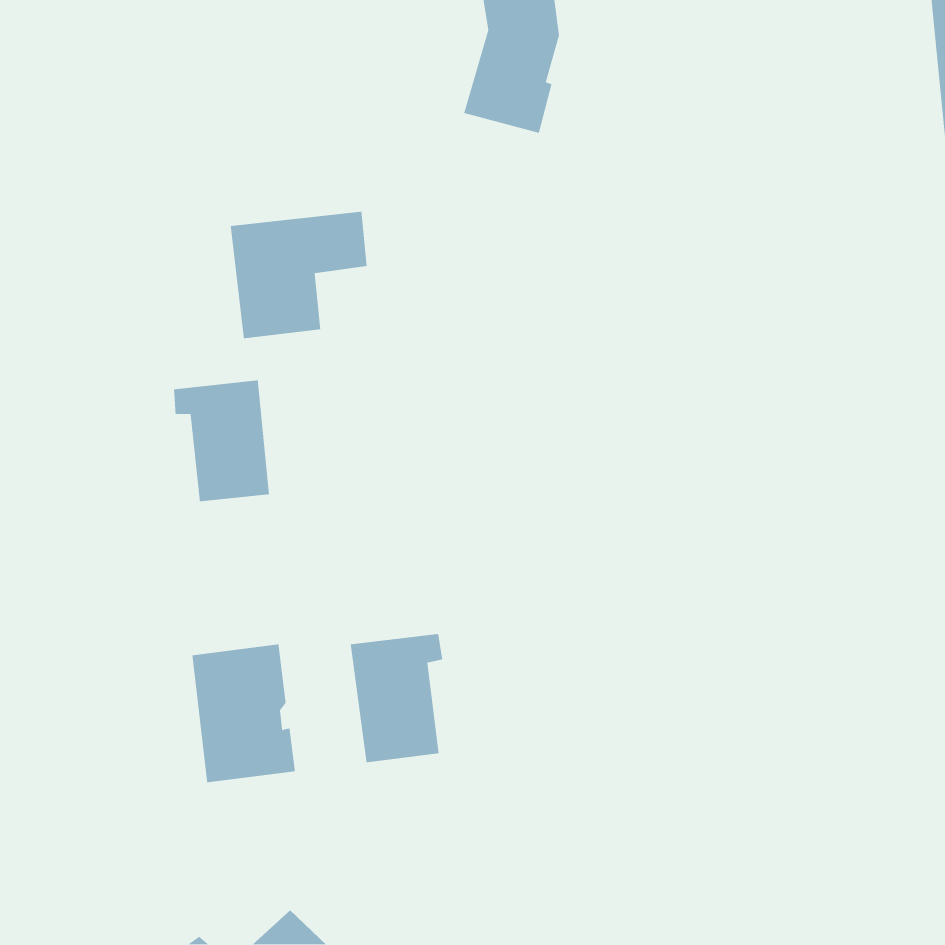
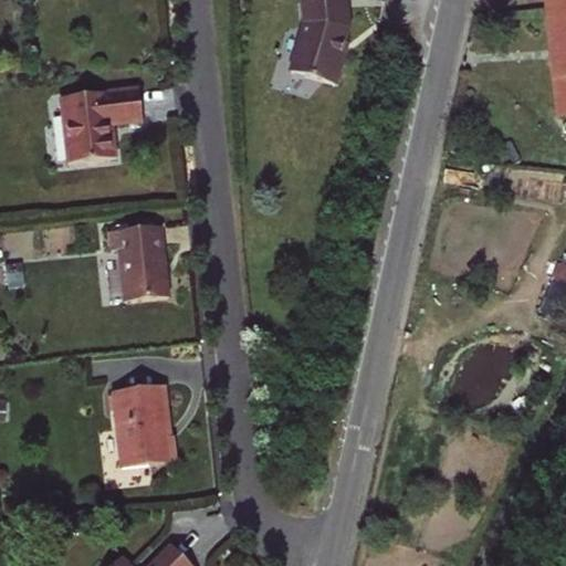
building: [230,211,368,339] -> [64,85,146,161]
building: [350,633,443,763] -> none

